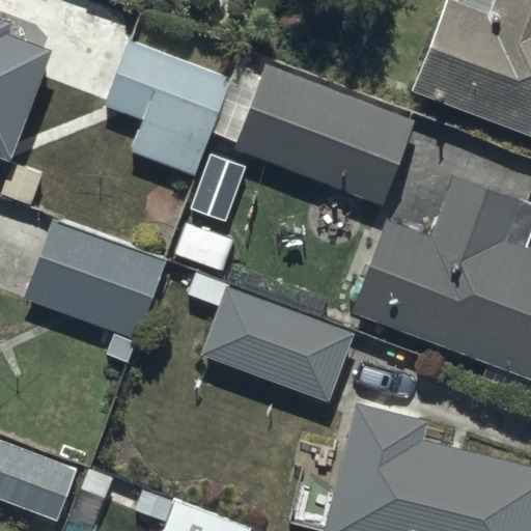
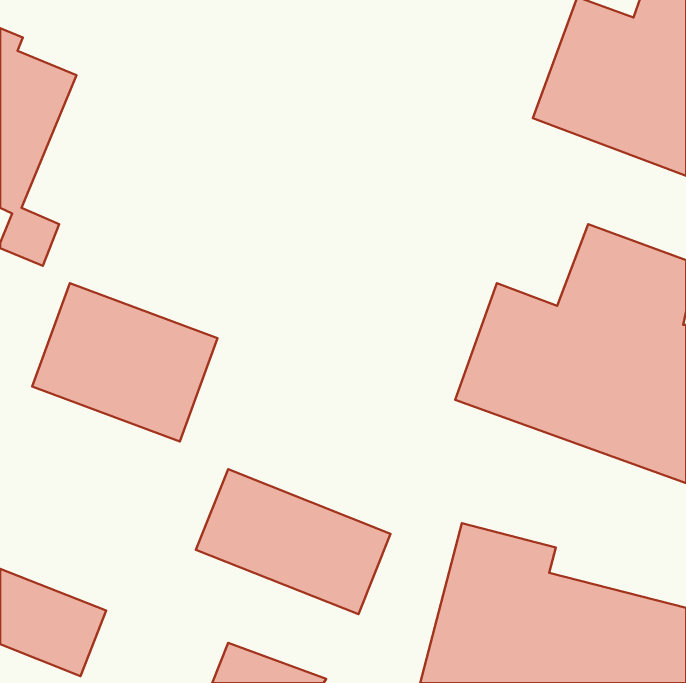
building: [105,40,235,178] -> none
building: [229,63,416,206] -> none
building: [203,287,354,399] -> [196,469,391,614]

